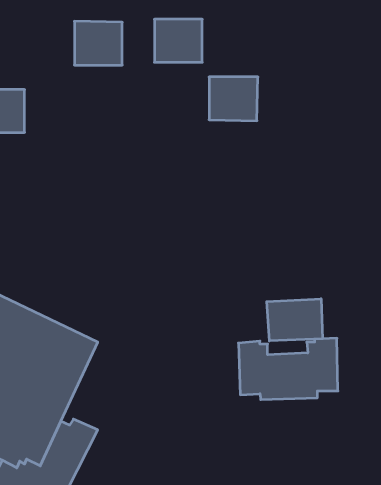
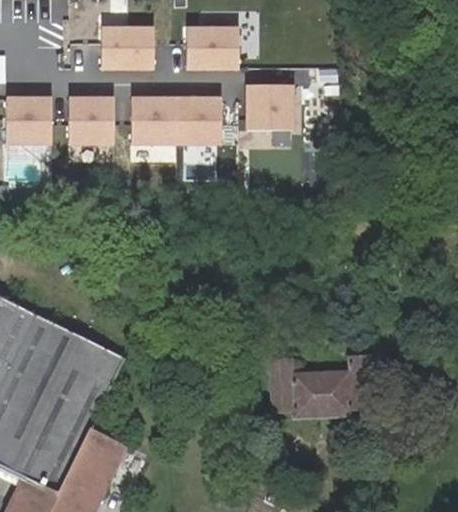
building: none -> [126,100,175,144]
building: none -> [179,100,228,144]
building: none -> [63,101,112,146]
building: [267,299,323,341] -> none

